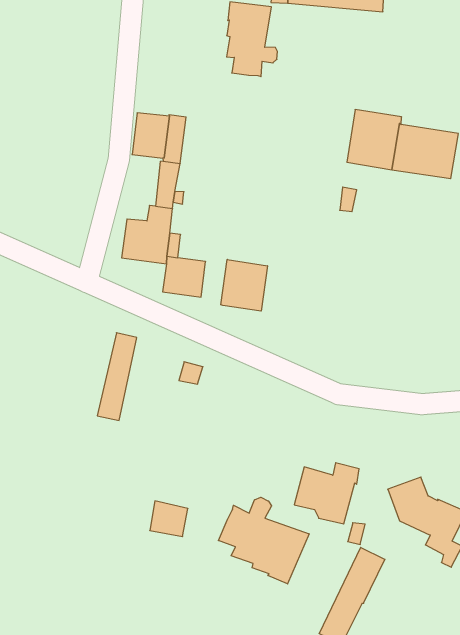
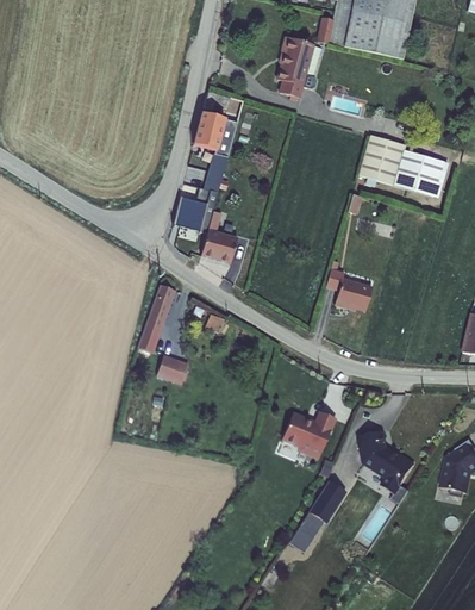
building: [221,259,267,311] -> none
building: none -> [326,268,373,311]
building: [218,497,309,584] -> none
building: [150,501,188,537] -> [157,354,189,385]

